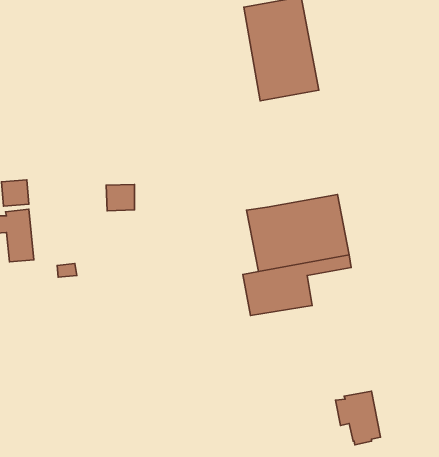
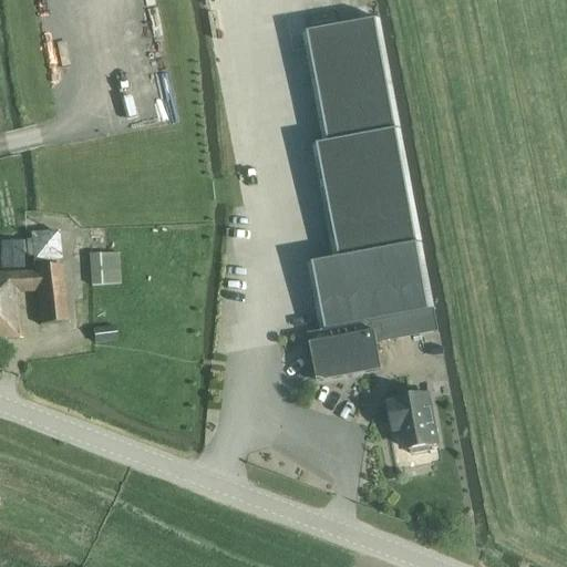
building: none -> [313,124,415,257]
building: [106,184,134,211] -> [91,250,123,280]
building: [335,391,380,445] -> [393,389,444,450]

